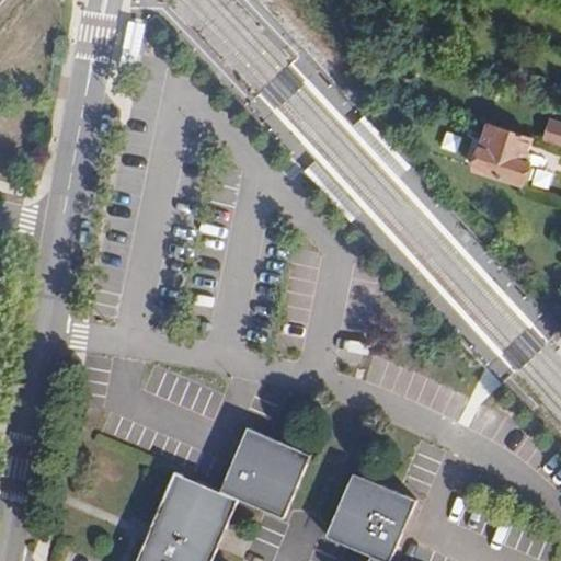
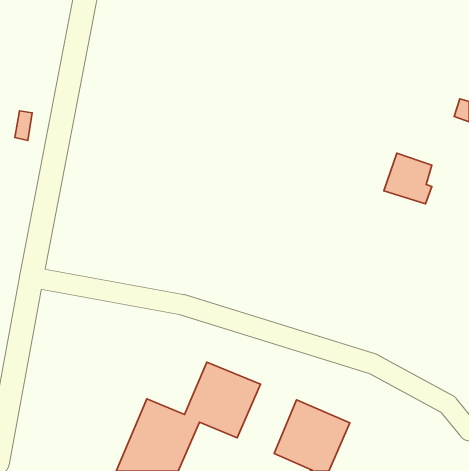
building: [470,122,527,182] -> [384,153,432,204]

